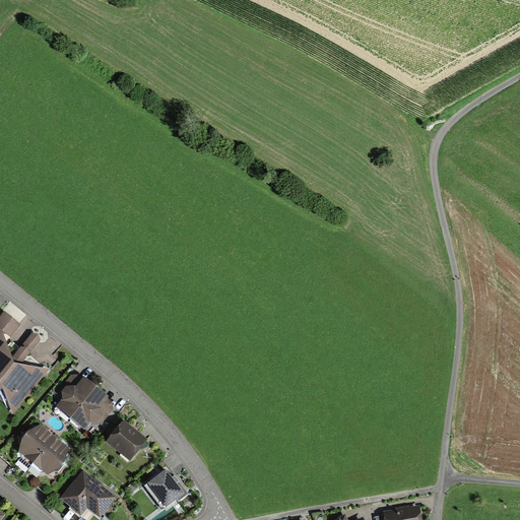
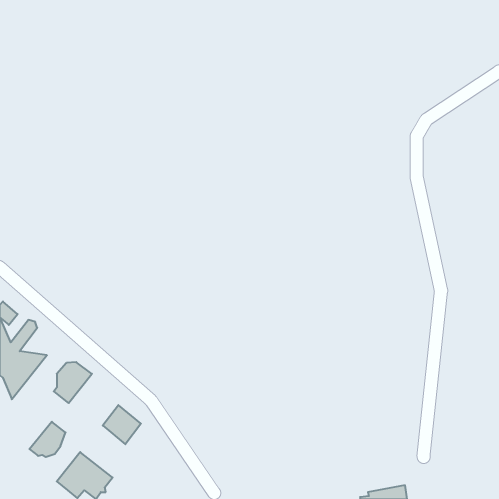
building: [71,388,112,429] -> none
building: [18,424,54,466] -> none
building: [144,470,187,509] -> none

